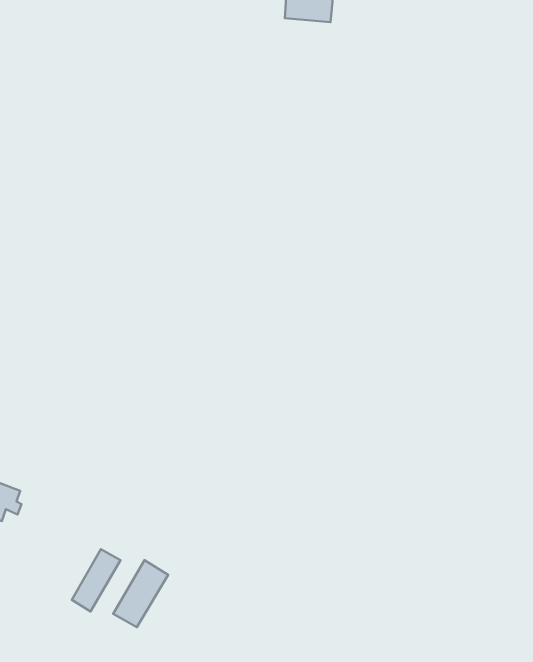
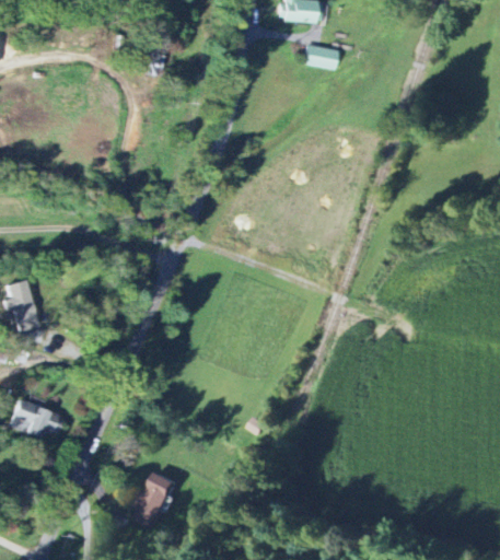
building: none -> [305,44,339,68]
building: [72,549,120,611] -> none

